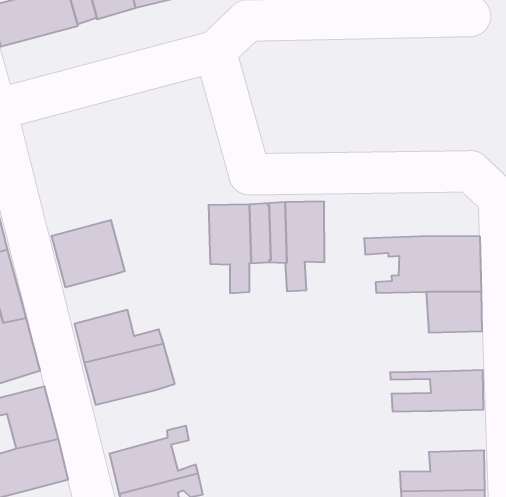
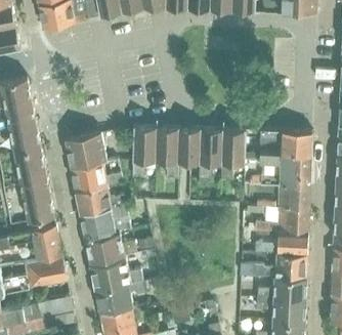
building: none -> [259,131,312,156]
building: none -> [220,130,246,181]
building: none -> [132,127,157,178]
building: none -> [72,164,108,192]
building: none -> [255,209,309,233]
building: none -> [85,233,136,263]
building: none -> [240,254,307,279]

